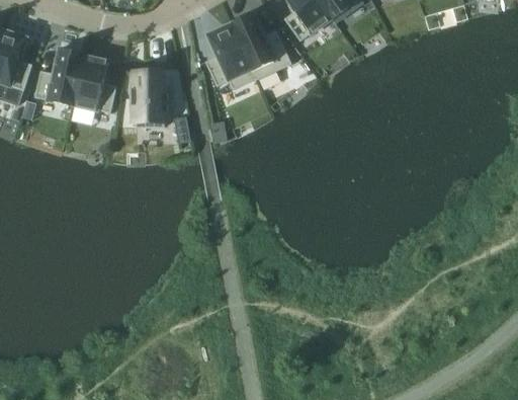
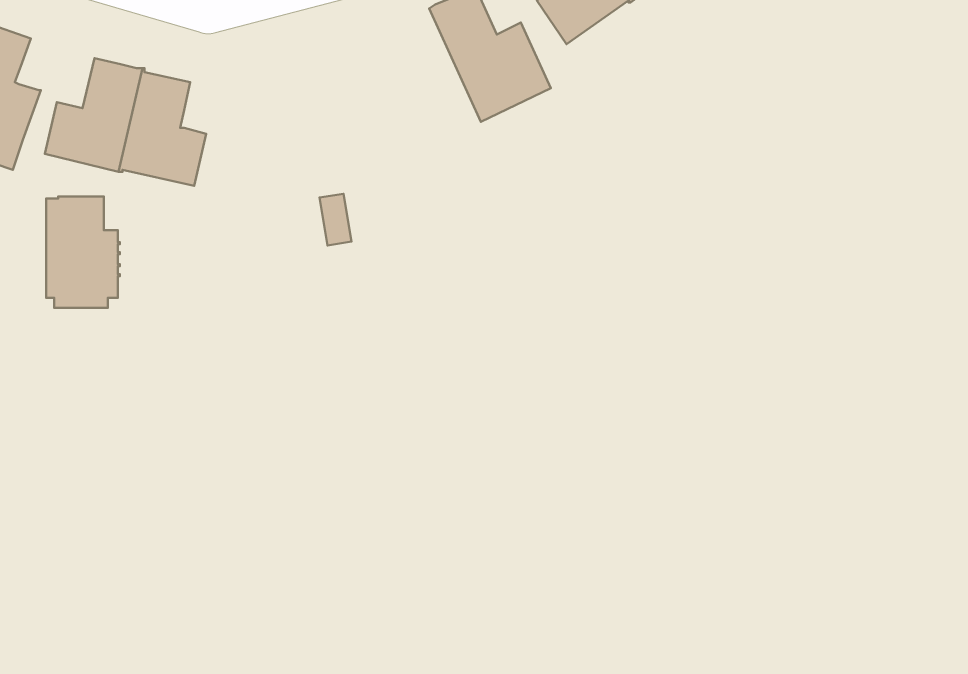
building: [204,22,255,89] -> none
building: [131,70,168,127] -> [46,196,120,308]

